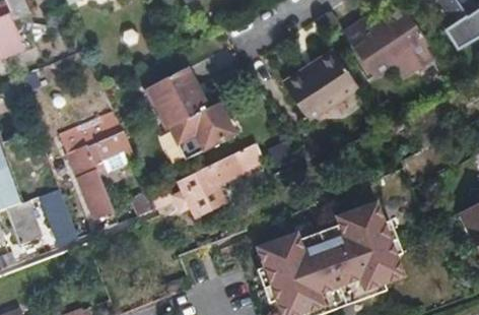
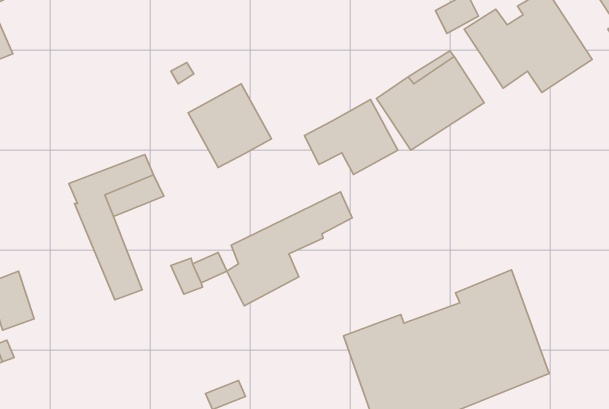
building: [169,102,235,154] -> [304,100,398,175]
building: [41,189,79,249] -> none

